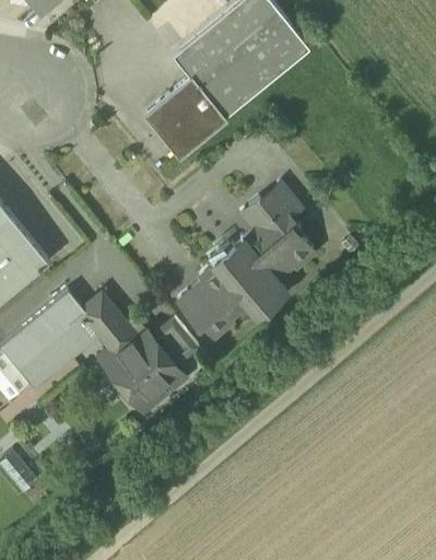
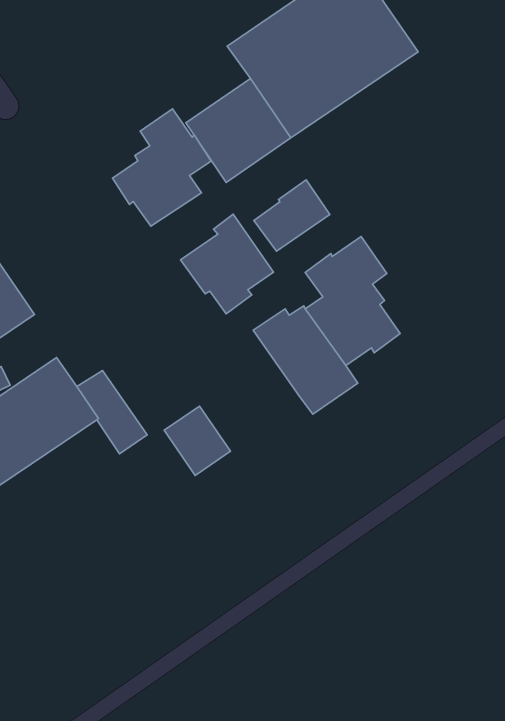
building: none -> [112,109,211,226]
building: none -> [254,180,330,251]
building: [178,268,246,340] -> [181,214,274,314]
building: [107,336,178,406] -> none

